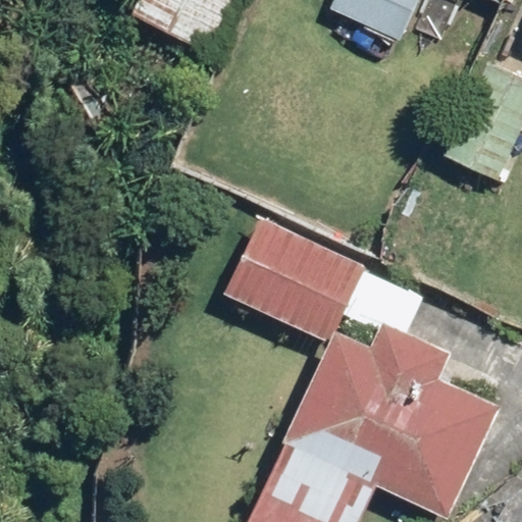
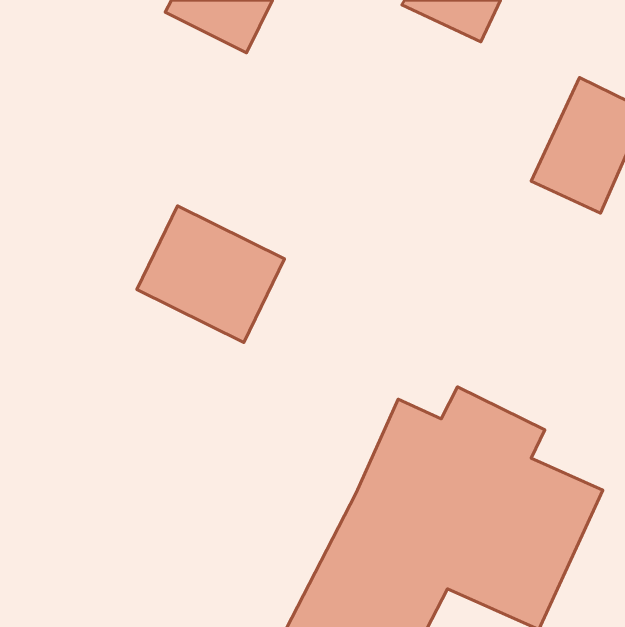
building: [226,219,349,332] -> [137,206,285,343]

